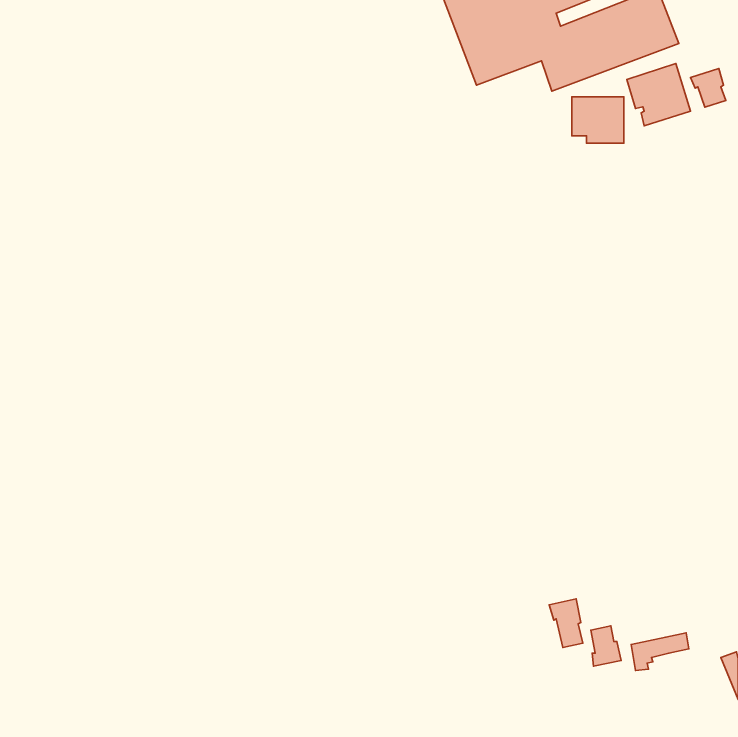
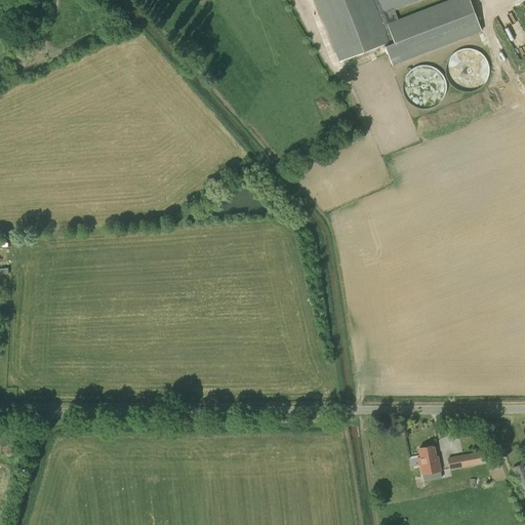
building: [690,69,726,107] -> none
building: [549,599,583,647] -> none

